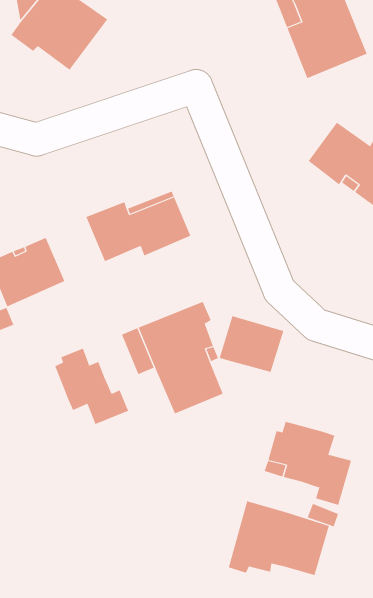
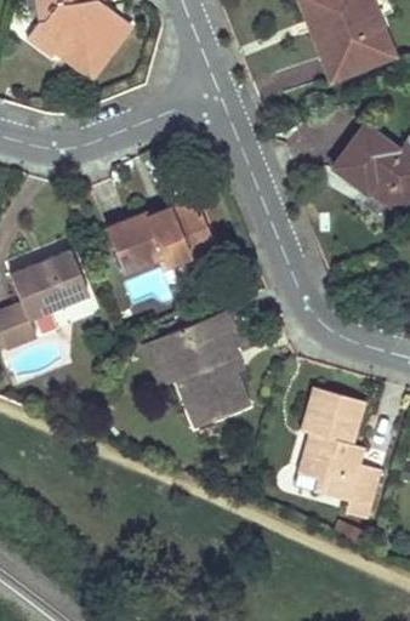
building: [219,315,284,373] -> [298,387,365,445]
building: [54,348,129,425] -> none
building: [228,501,330,576] -> none

